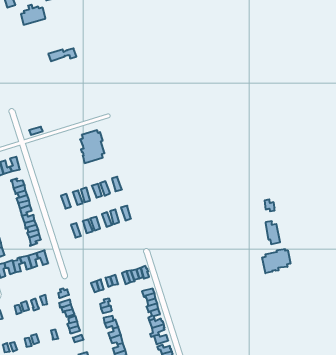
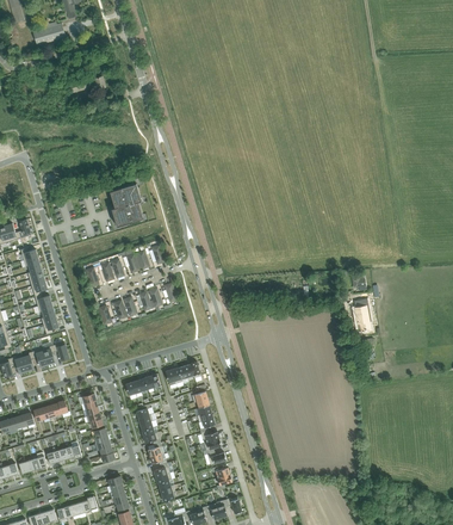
building: [262,249,290,273] -> none

